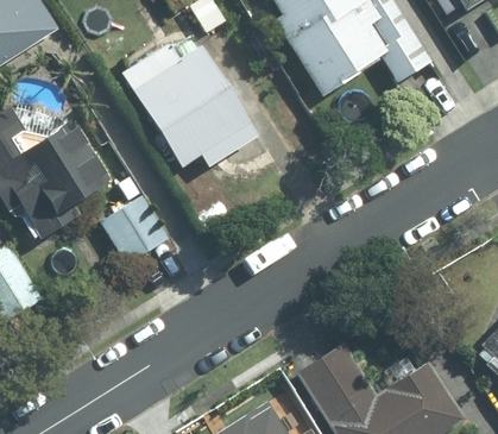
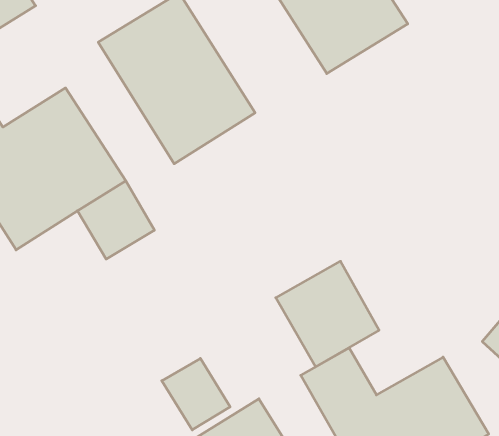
building: none -> [276,261,379,367]
building: none -> [162,358,230,430]

